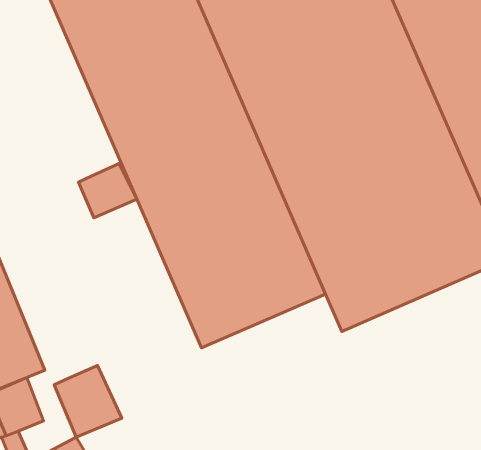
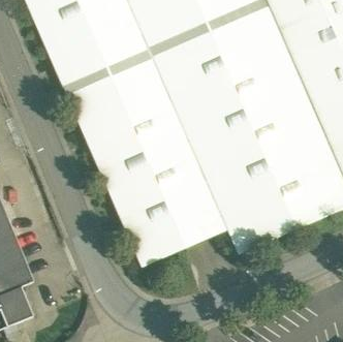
building: [78,164,137,218] -> none
building: [54,366,122,437] -> none

